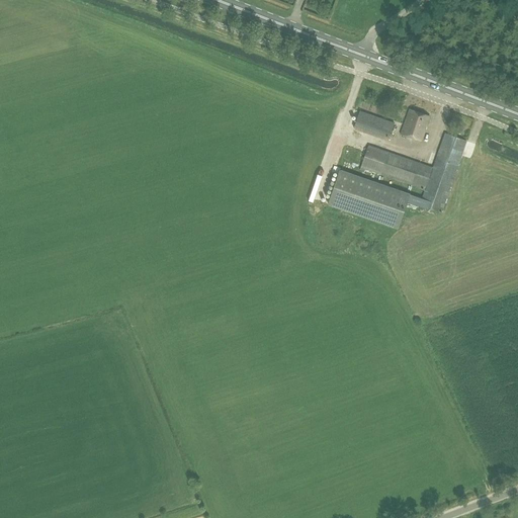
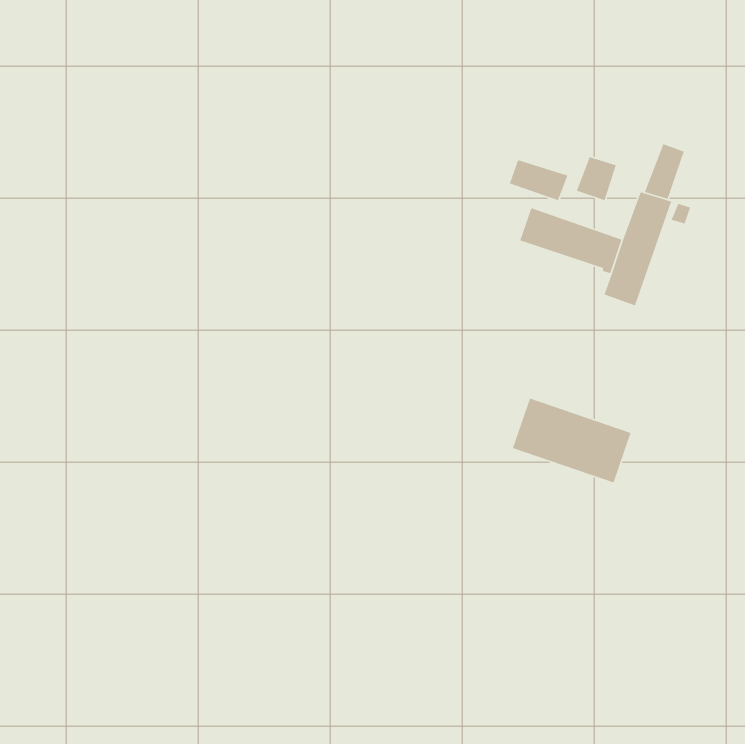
building: none -> [644,143,685,200]
building: [327,169,410,229] -> [512,397,632,484]

